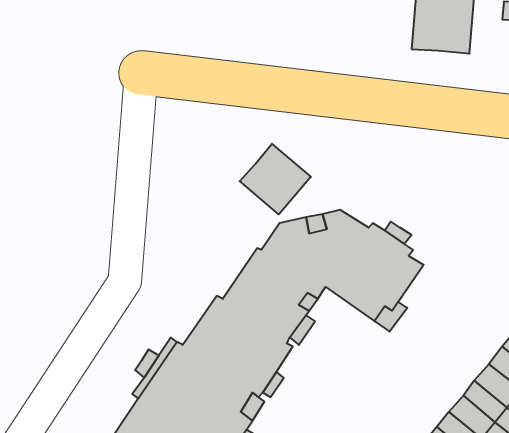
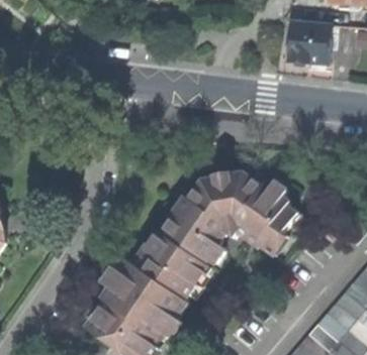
building: [240,144,311,214] -> none

